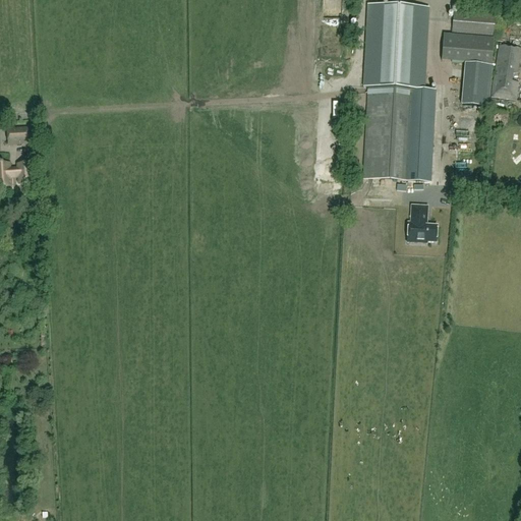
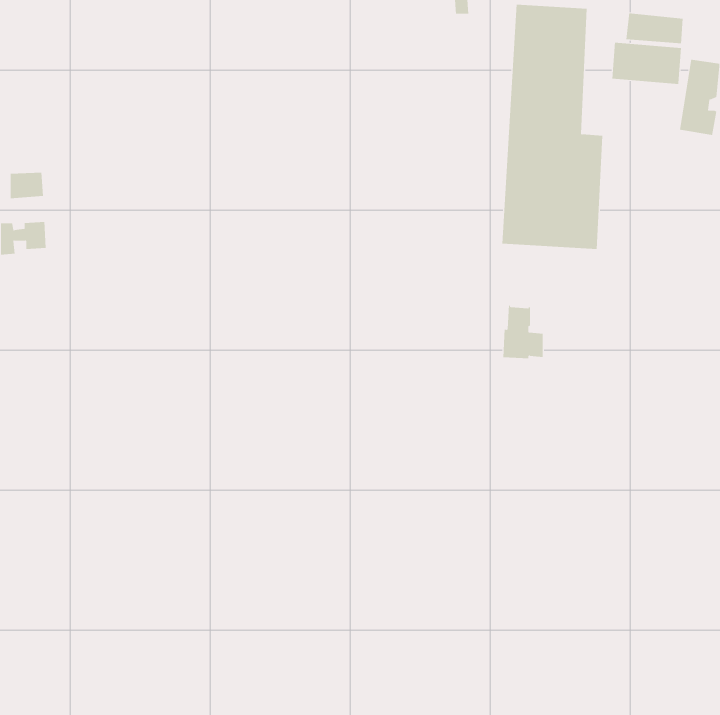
building: [461,61,491,105] -> none
building: [407,202,437,241] -> [503,305,543,359]

